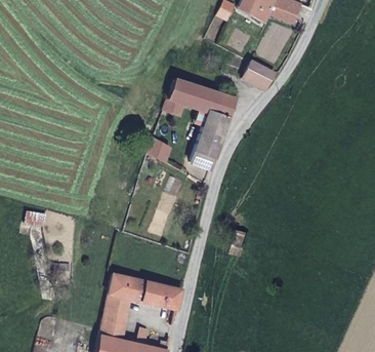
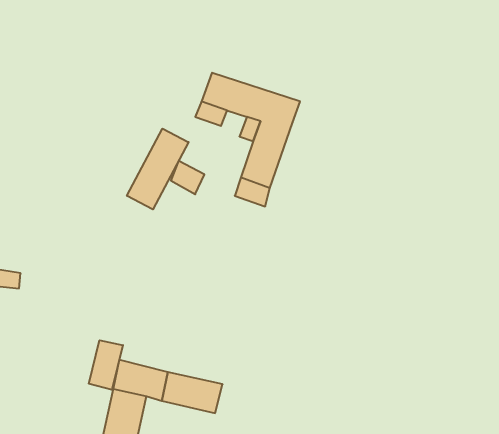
building: [243,61,275,90] -> none
building: none -> [127,129,189,209]
building: none -> [89,340,123,390]

